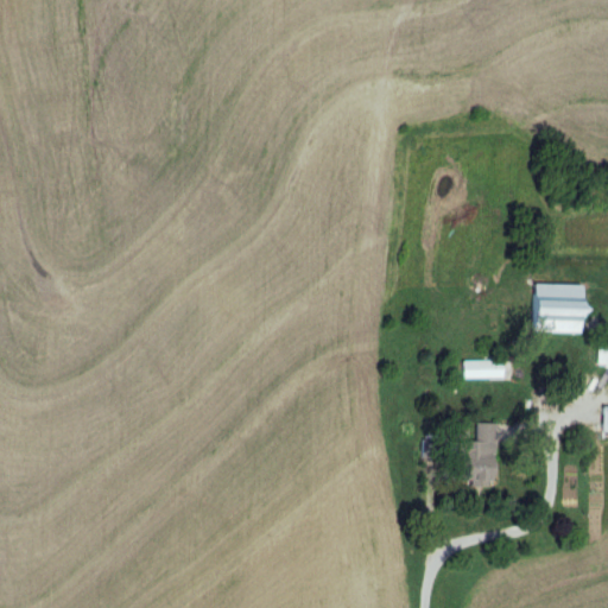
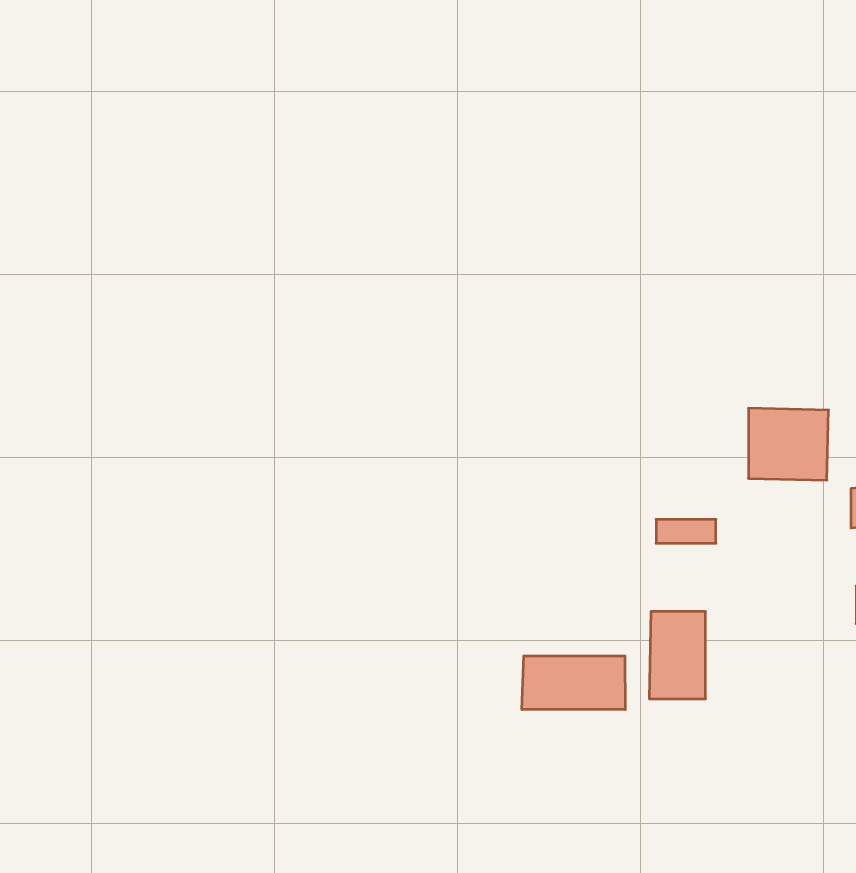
building: none -> [522,656,625,710]

